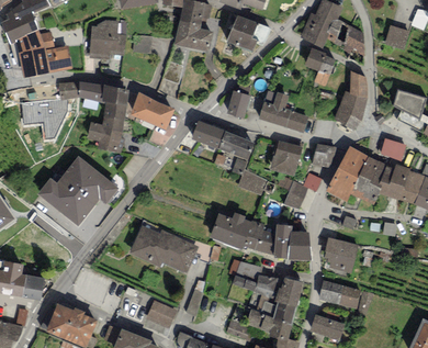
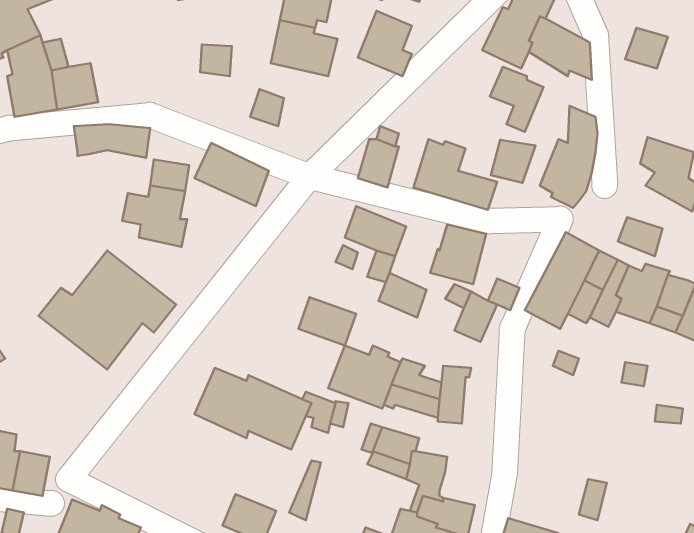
building: [89,19,127,58] -> none
building: [101,83,129,105] -> none
building: [22,98,68,139] -> none
building: [191,120,225,148] -> [299,297,356,345]
building: [311,143,337,168] -> [491,140,536,183]
building: [288,231,312,260] -> none
building: [323,237,358,272] -> none
building: [274,277,303,306] -> none
building: [318,280,360,308] -> none

